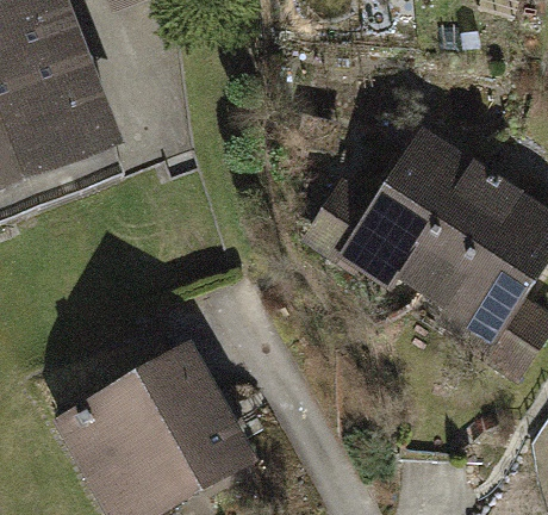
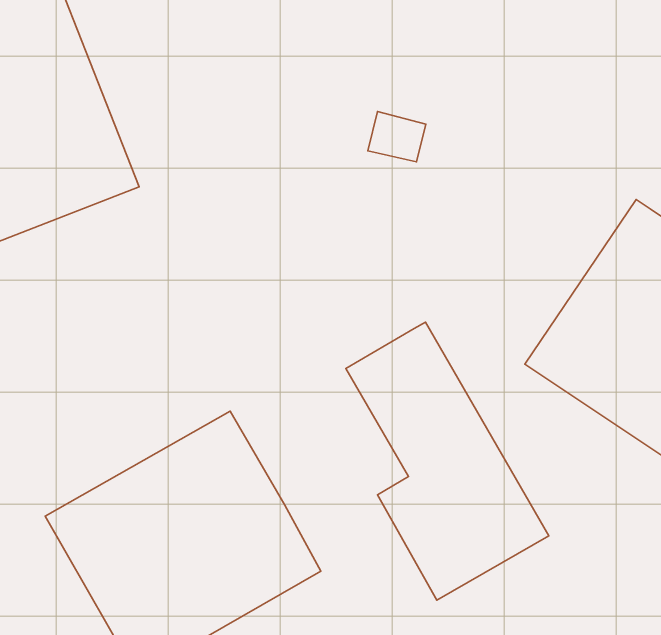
building: [309,123,499,299] -> none
building: none -> [346,322,549,600]

